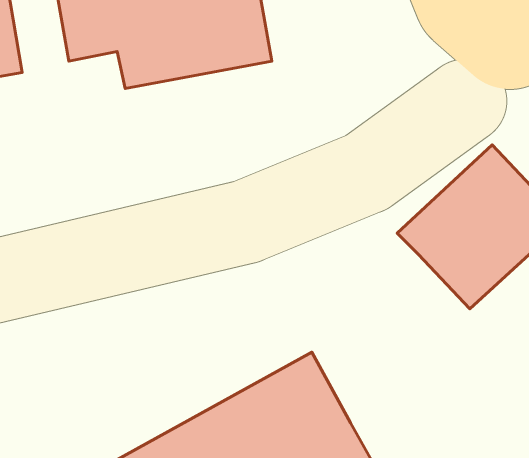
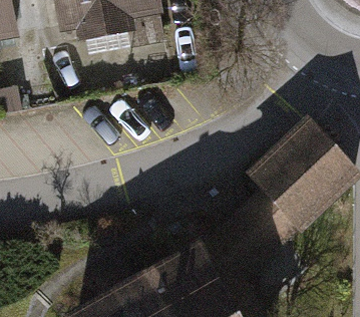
building: none -> [208,175,306,280]

